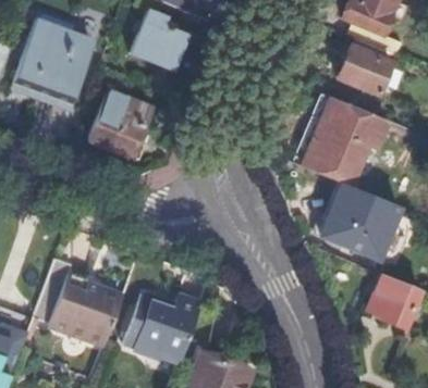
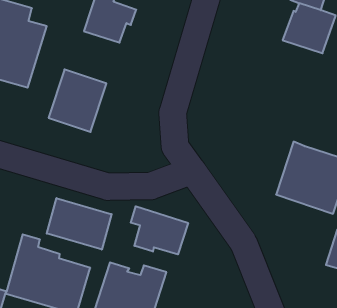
building: [302,97,381,188] -> none
building: none -> [47,198,112,250]
building: none -> [131,206,188,254]

